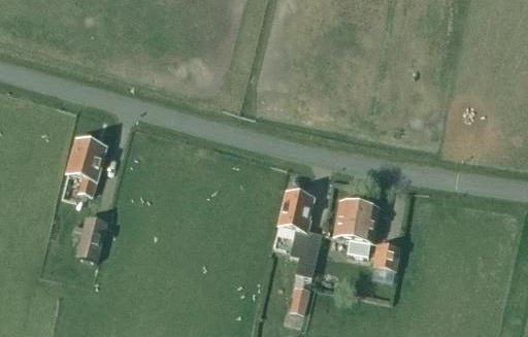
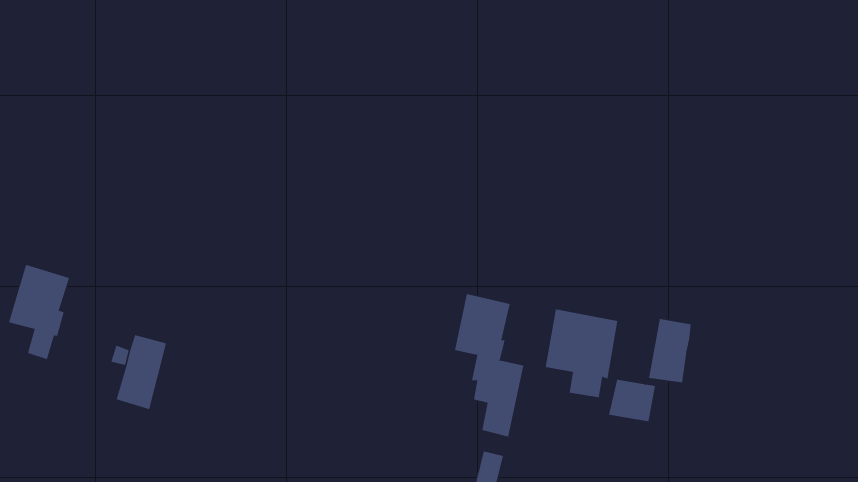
building: [68,137,105,195] -> [8,264,70,360]
building: none -> [648,318,691,383]

